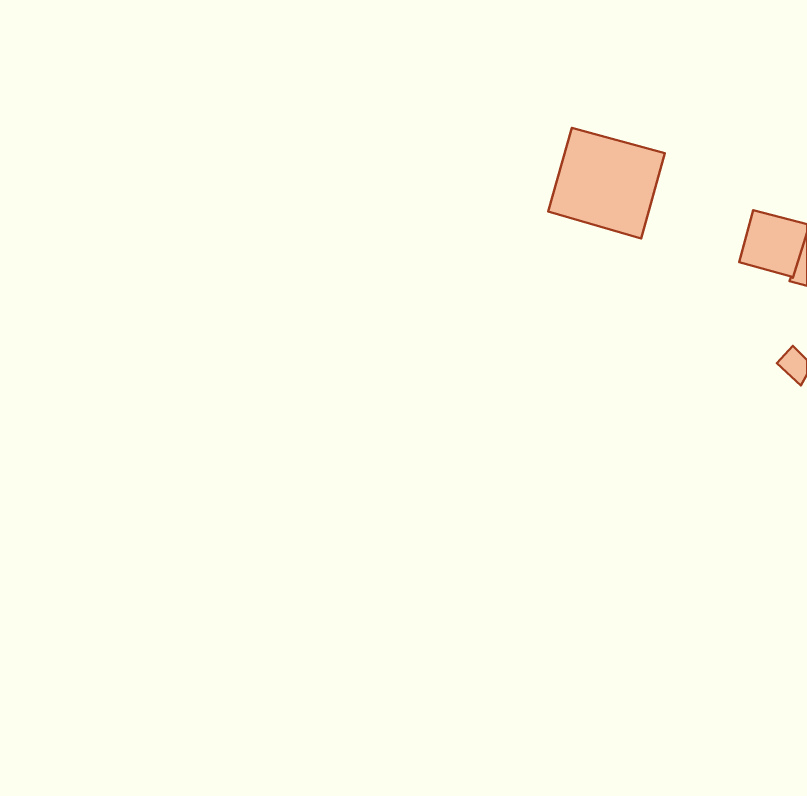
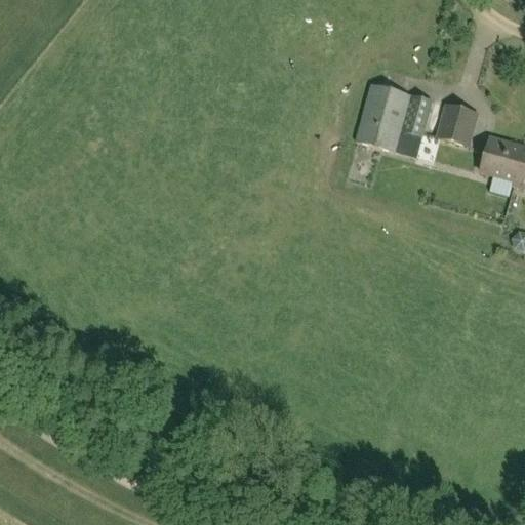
building: none -> [437,104,476,145]

